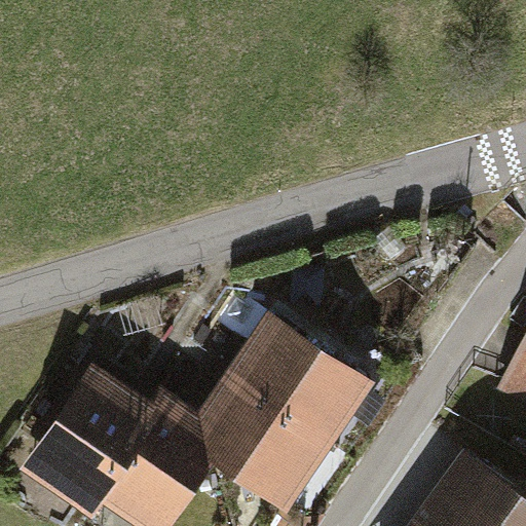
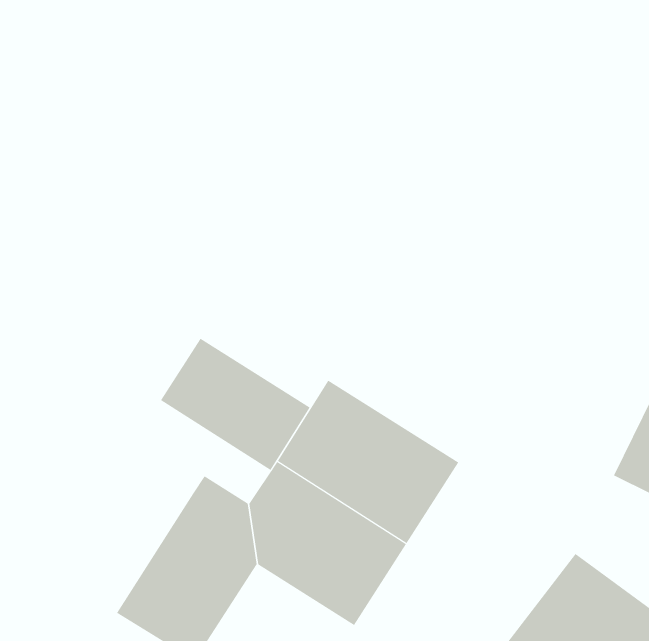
building: none -> [160,338,310,471]
building: [23,365,157,514] -> none

